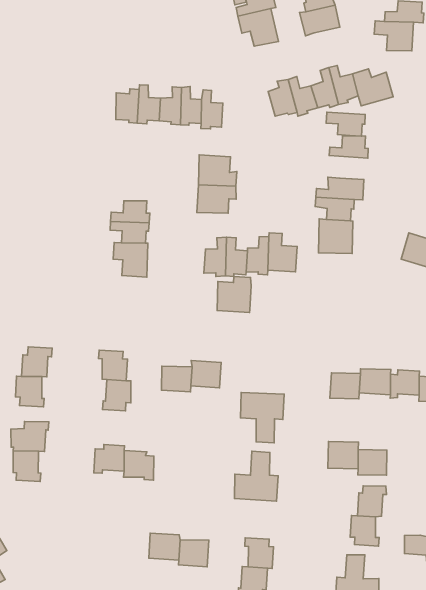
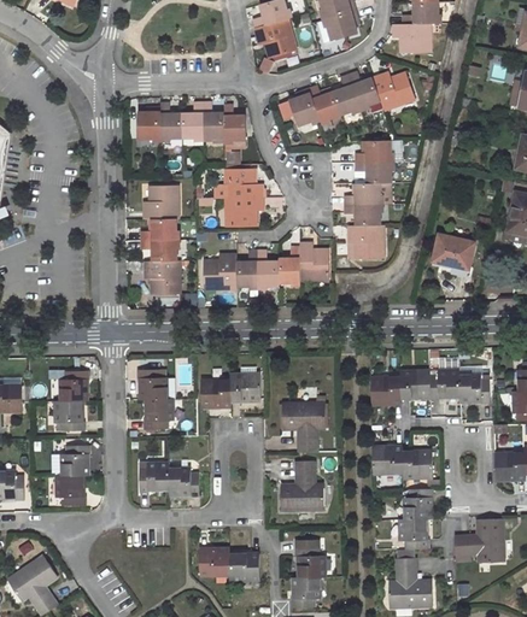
building: [326,112,365,136] -> [355,161,393,183]
building: none -> [144,186,178,219]
building: [217,276,251,312] -> [203,254,236,289]

